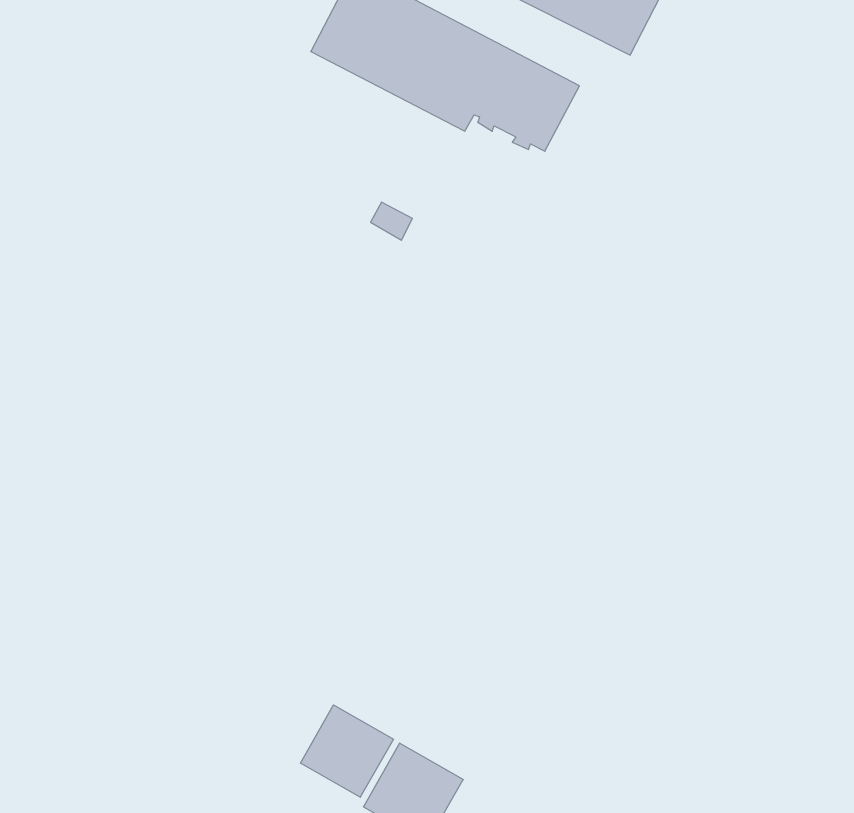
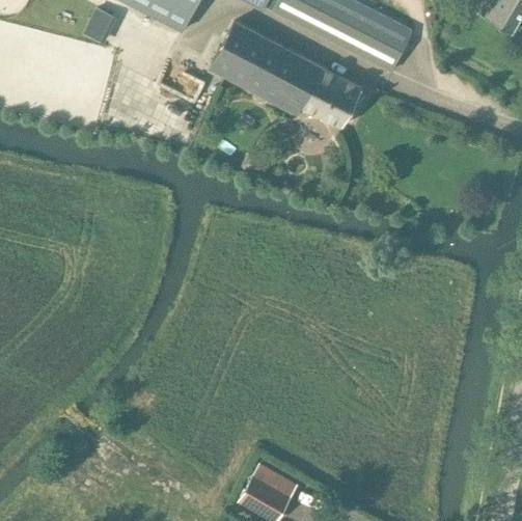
building: [300,705,393,797] -> none

